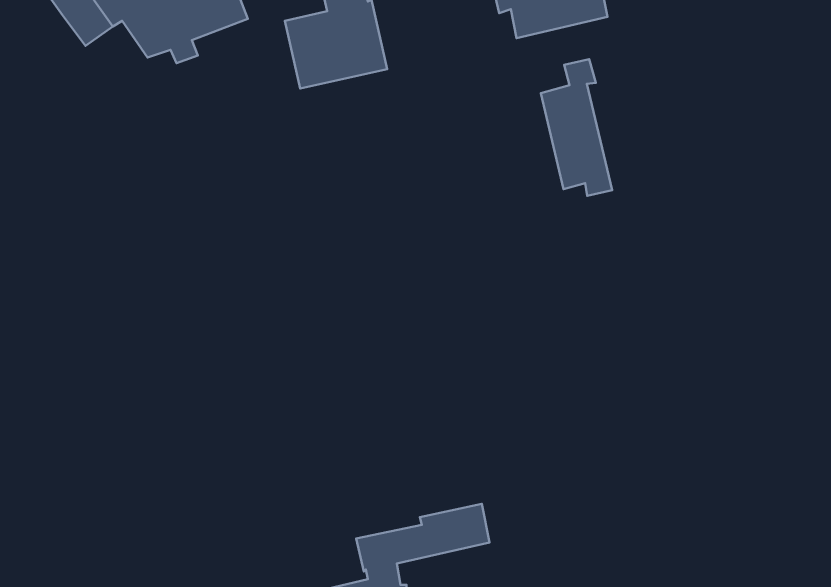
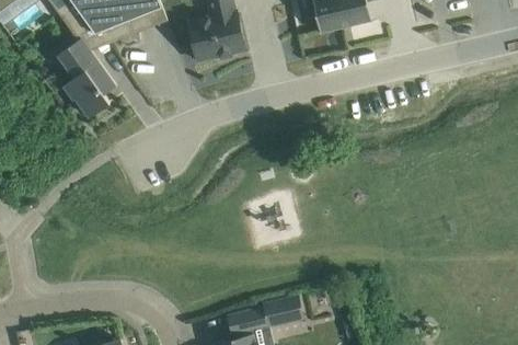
building: none -> [58,38,115,117]
building: [541,59,612,196] -> none

